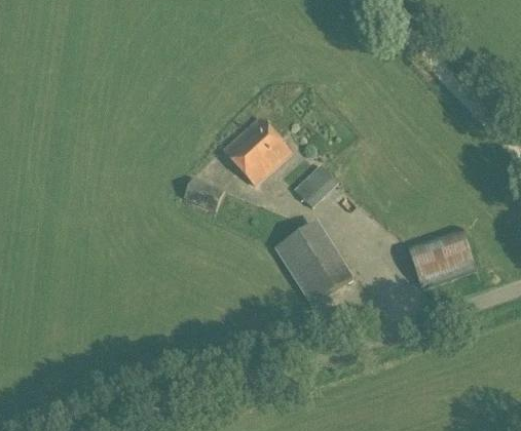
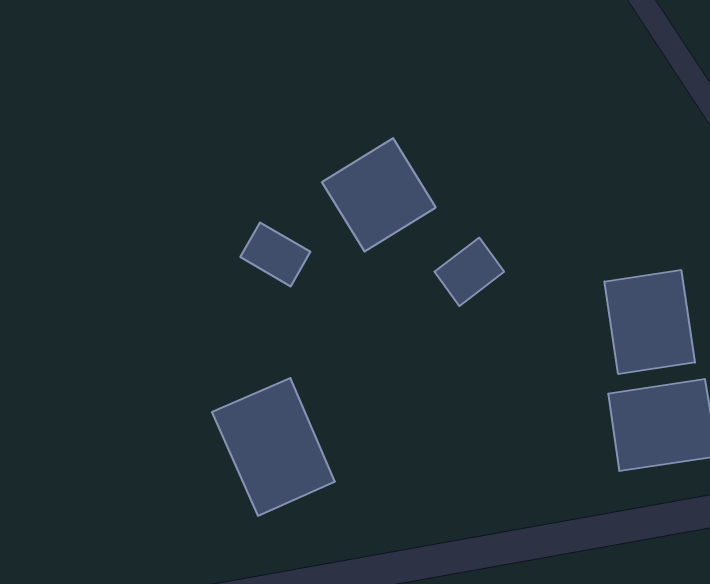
building: none -> [604,270,695,374]
building: [274,222,351,304] -> [212,378,335,516]

